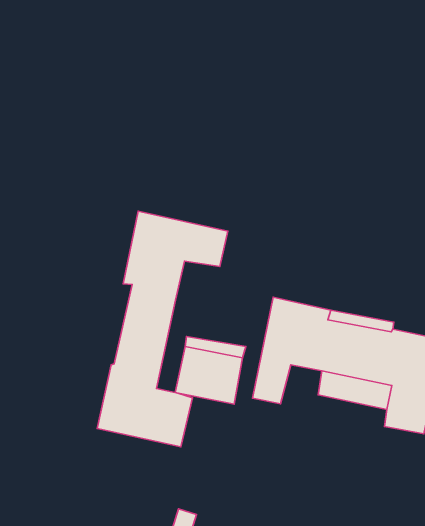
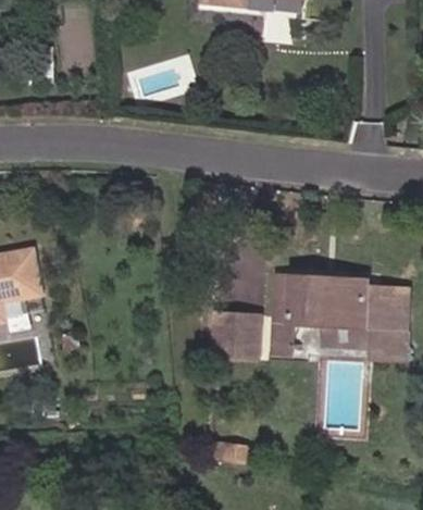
building: [97,211,228,447] -> none

